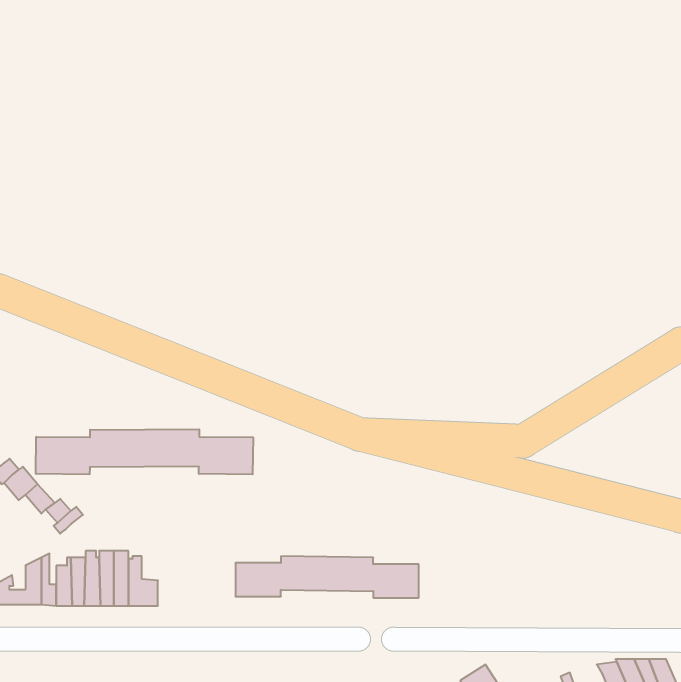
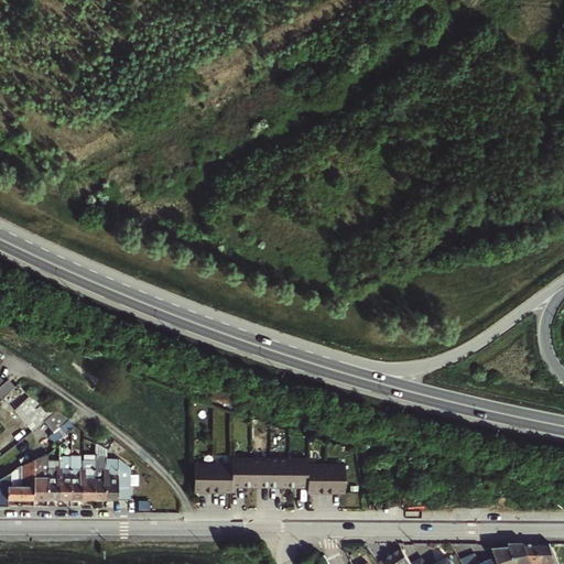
building: [36,429,253,474] -> none

